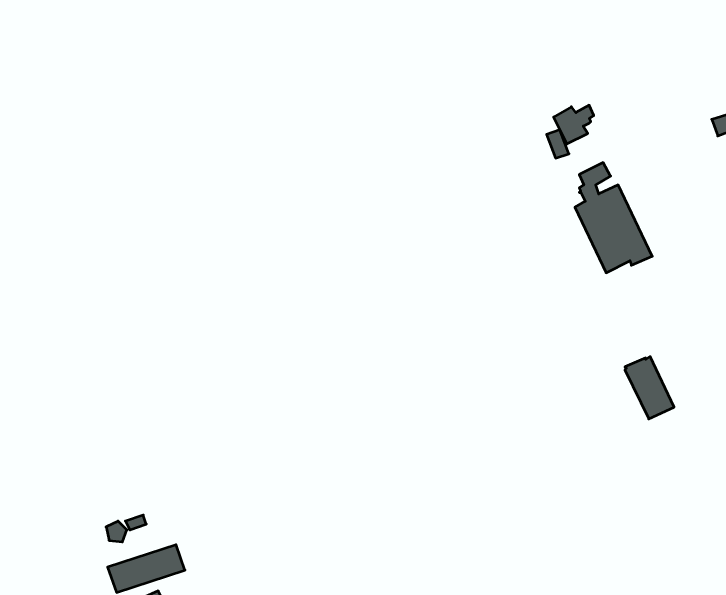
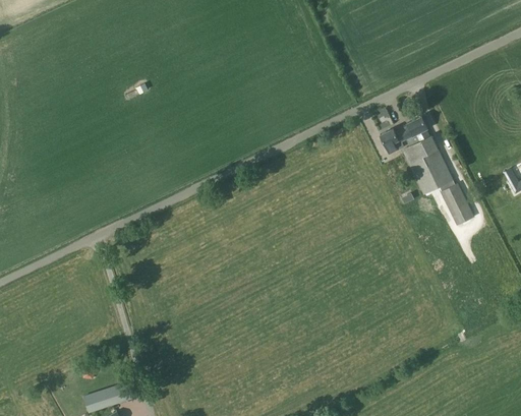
building: [554,105,594,144] -> [380,126,407,153]
building: [625,357,674,419] -> [440,181,473,224]

